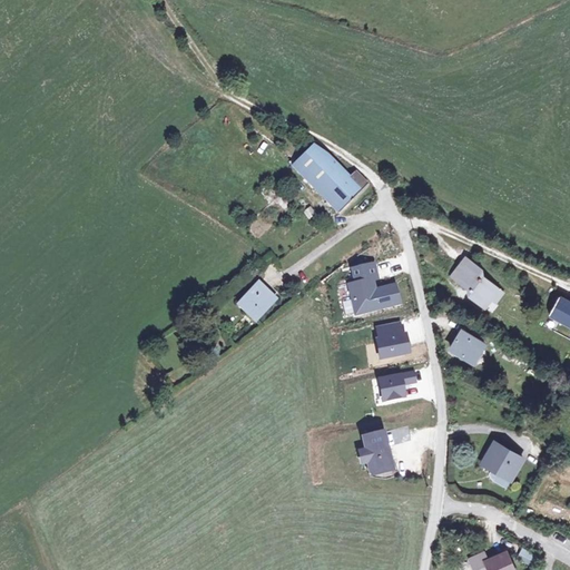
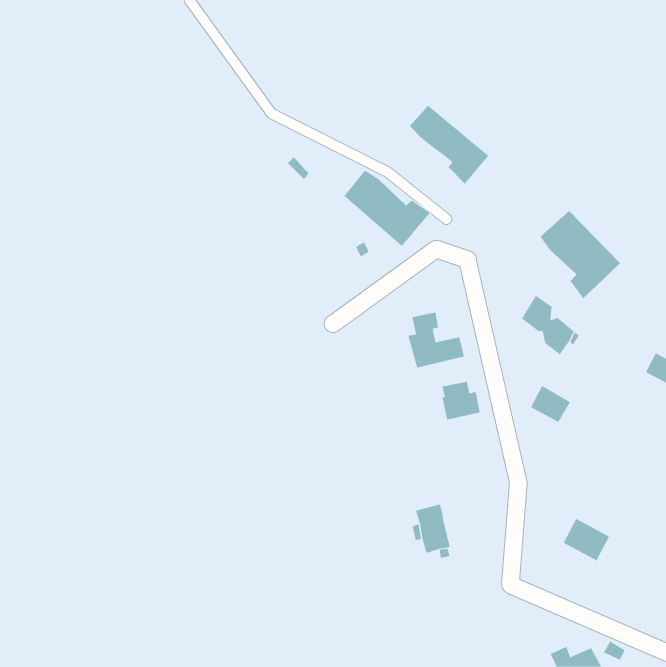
building: none -> [409,105,489,184]
building: none -> [540,210,621,299]
building: [234,283,271,321] -> none
building: [381,372,416,400] -> none

